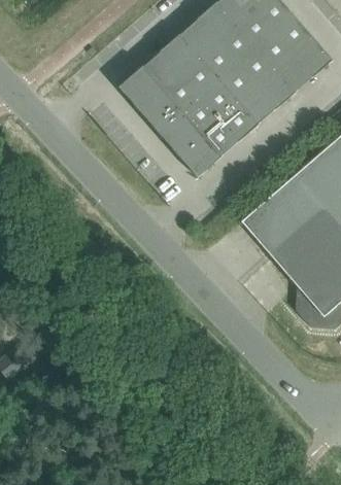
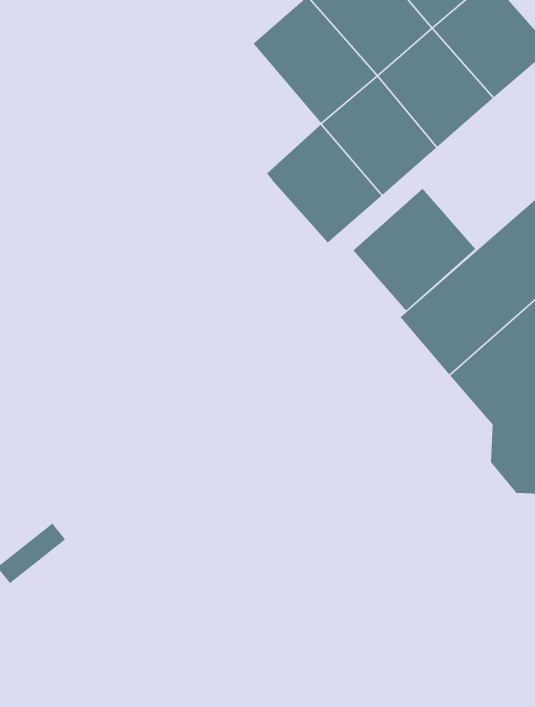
building: [120,56,195,134] -> none
building: none -> [353,188,476,312]

